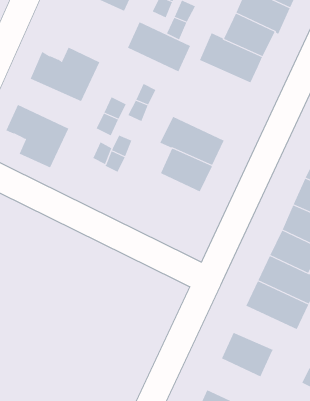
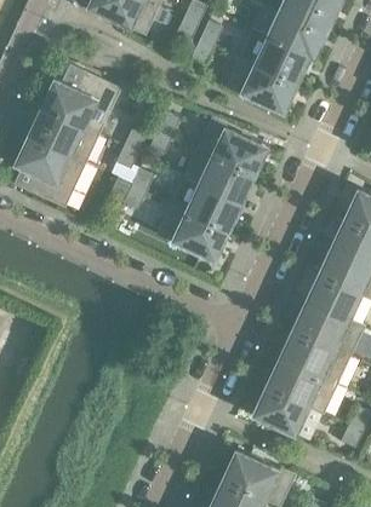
building: [127,21,191,72] -> [198,120,268,175]
building: none -> [27,108,97,162]
building: none -> [158,204,228,261]
building: none -> [264,357,335,413]

